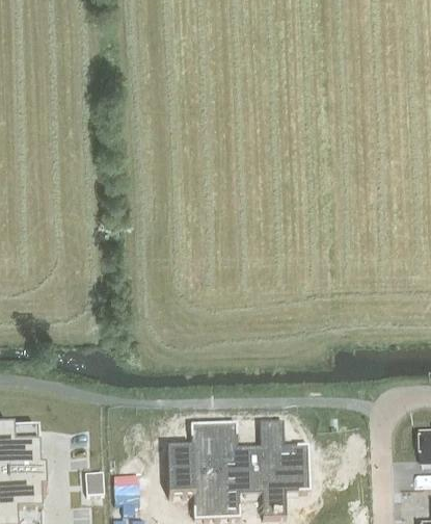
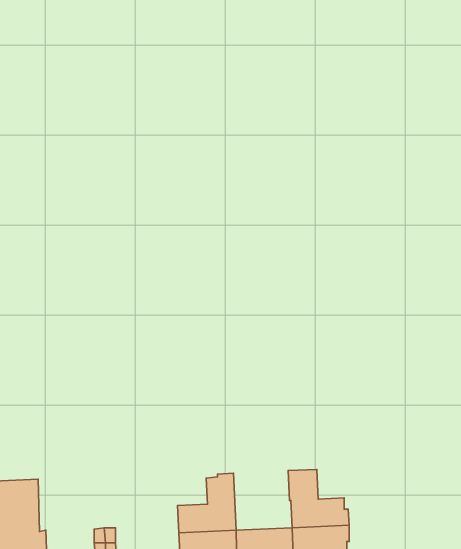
building: [207,421,255,470] -> none

